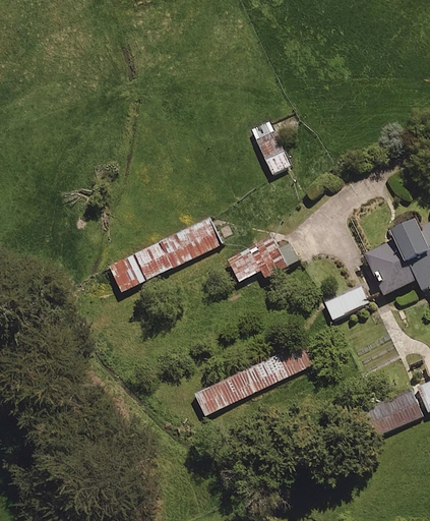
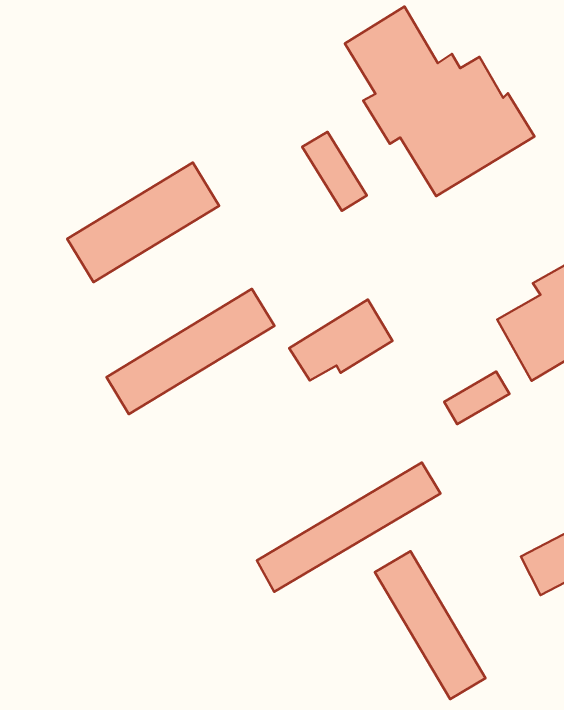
building: none -> [345,7,535,196]
building: none -> [67,163,219,282]
building: none -> [375,551,486,699]

